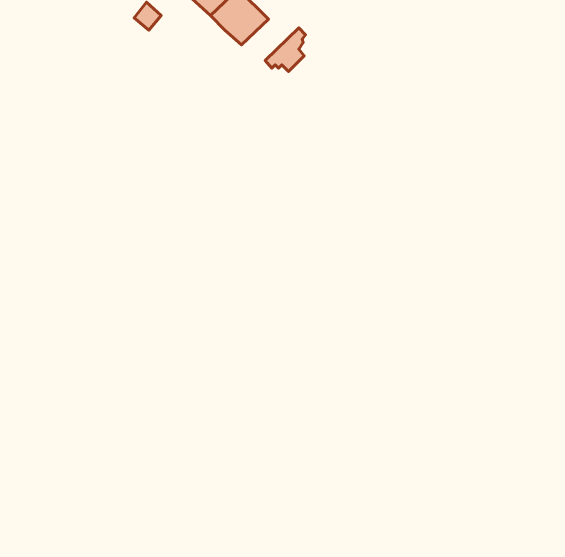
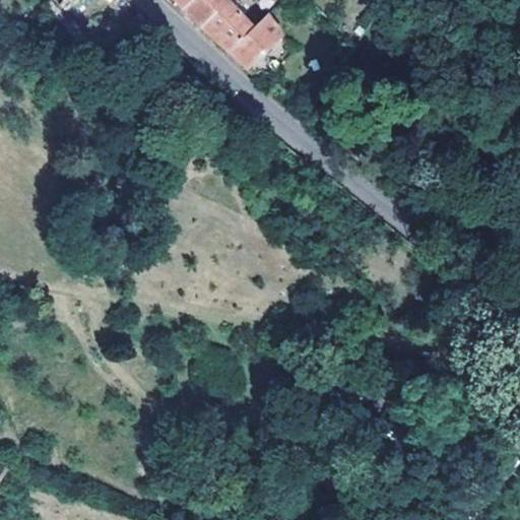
building: none -> [219,5,271,58]

